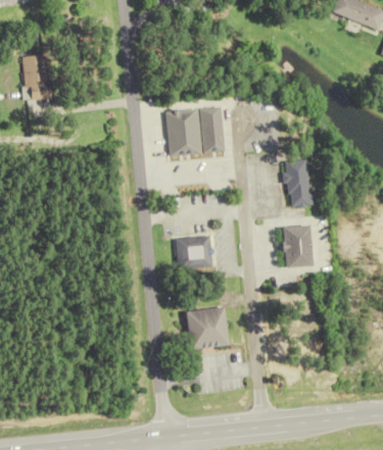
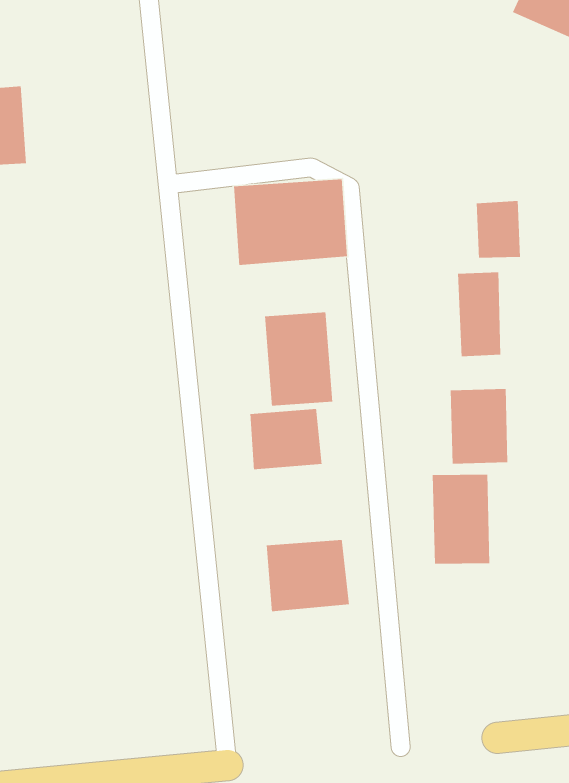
building: none -> [476,200,521,259]
building: none -> [264,311,333,407]
building: none -> [432,474,490,565]

